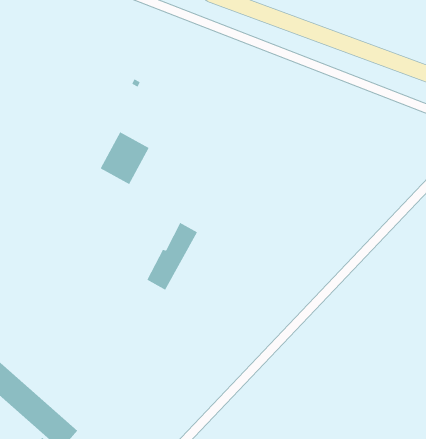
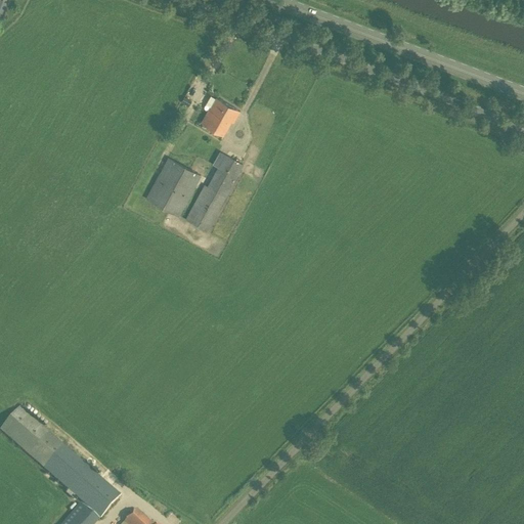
building: none -> [201,96,239,134]
building: [146,222,198,291] -> [185,152,244,230]

